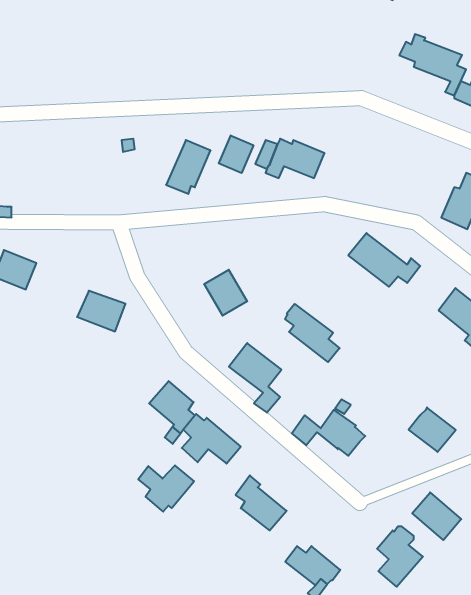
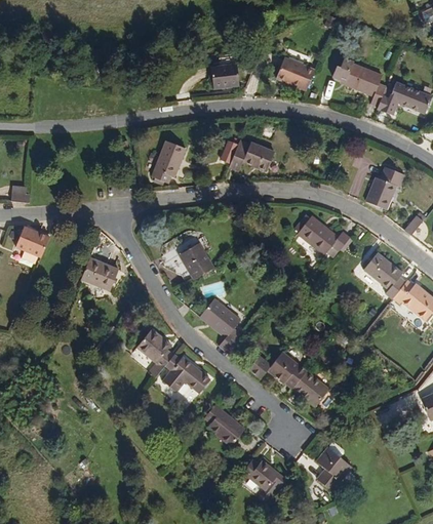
building: none -> [267,58,310,90]
building: none -> [204,66,232,88]
building: [219,135,253,173] -> none
building: [285,304,340,362] -> none
building: [409,407,456,452] -> [293,369,330,404]
building: [138,465,194,512] -> none
building: [412,492,461,540] -> none

